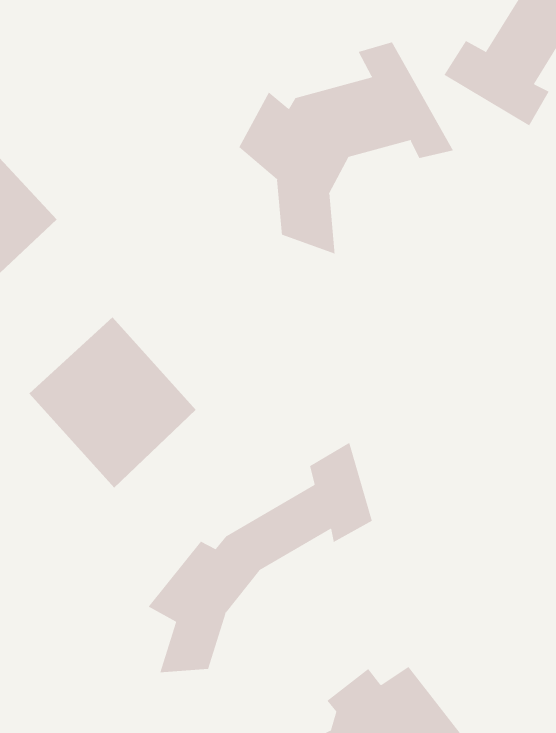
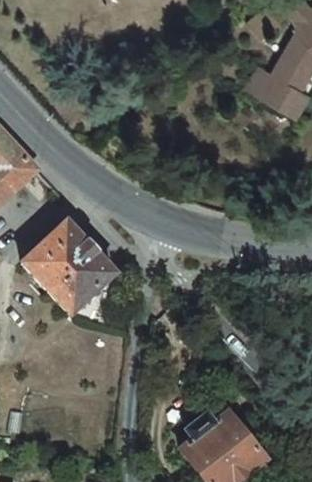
building: [239,42,454,255] -> none
building: [148,442,373,673] -> none

